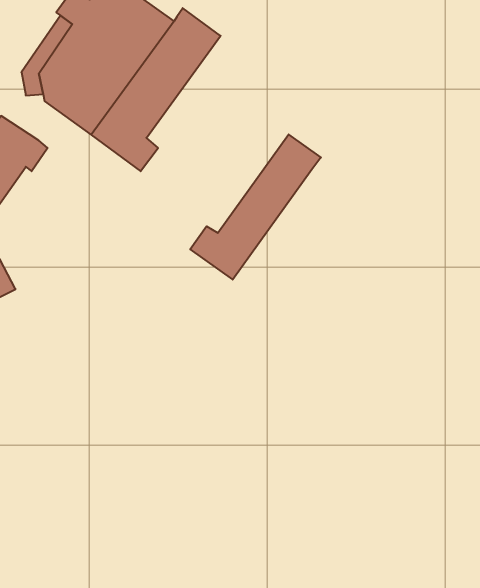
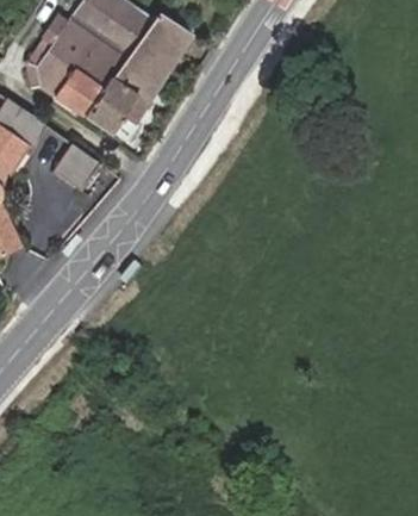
building: [190,134,321,280] -> none
building: none -> [49,139,96,187]

